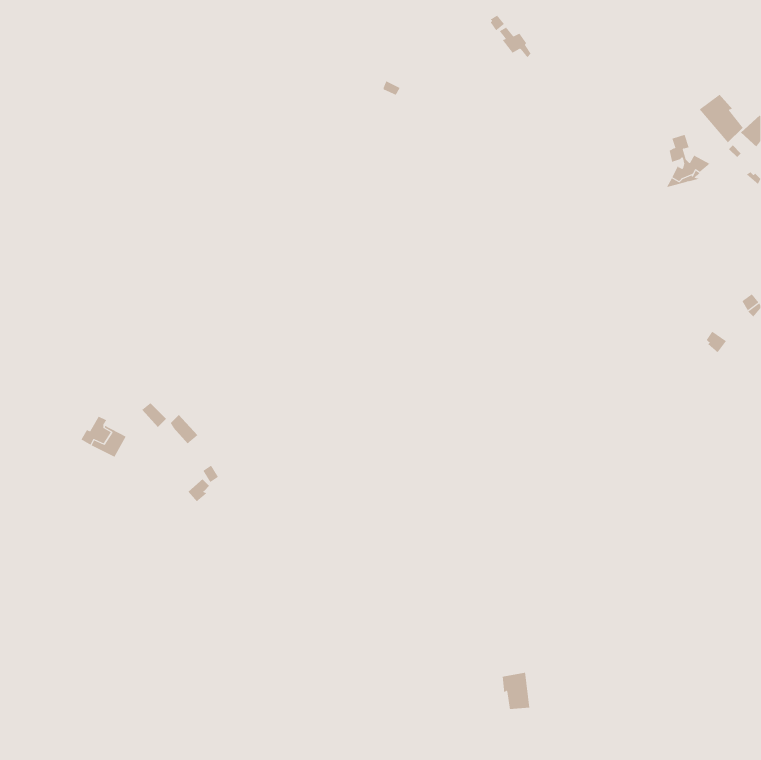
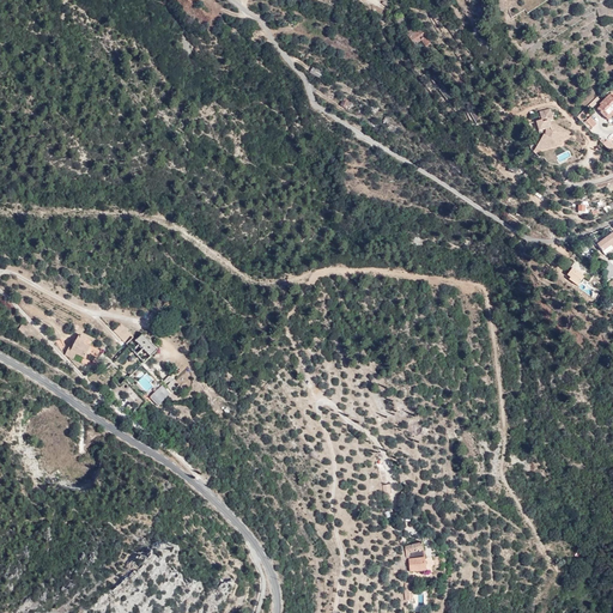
building: [699,94,744,143] -> none

